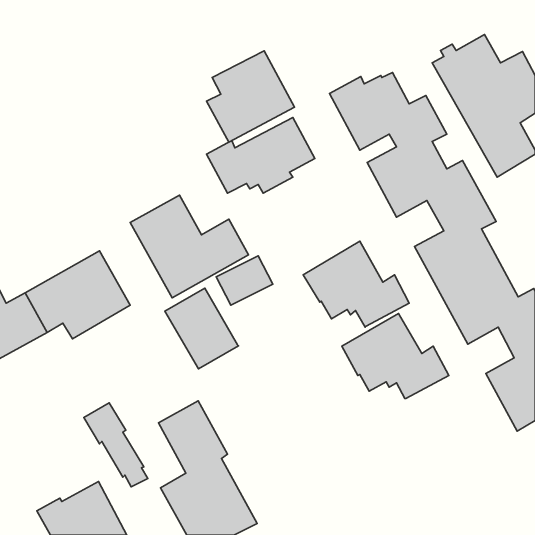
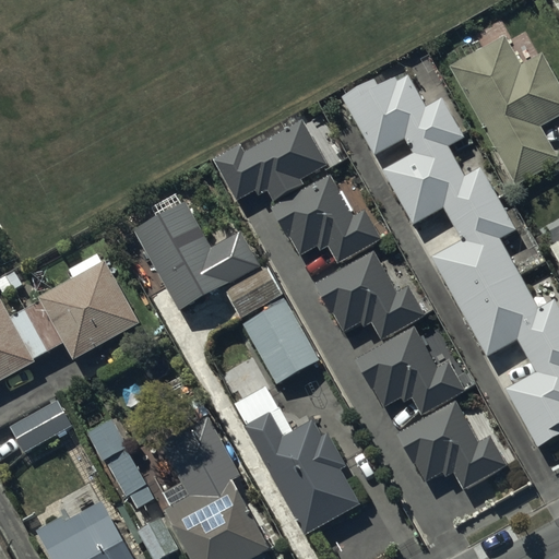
building: [206,51,294,142] -> none
building: none -> [272,176,383,263]
building: [165,288,238,369] -> [243,301,320,385]
building: none -> [11,400,73,453]
building: none -> [397,400,508,489]
building: none -> [250,415,358,531]

